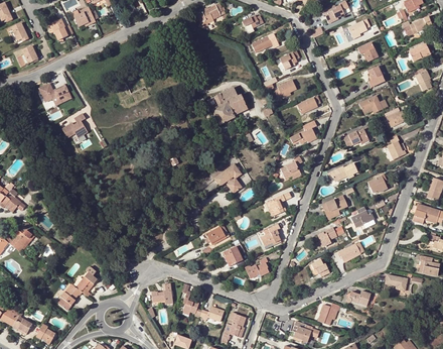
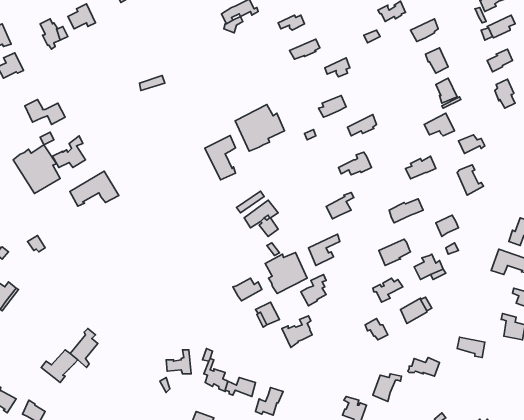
building: none -> [205,136,236,180]
building: none -> [13,145,60,193]
building: none -> [70,171,119,206]
building: none -> [265,252,307,294]

